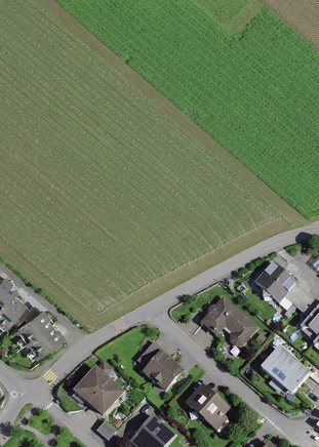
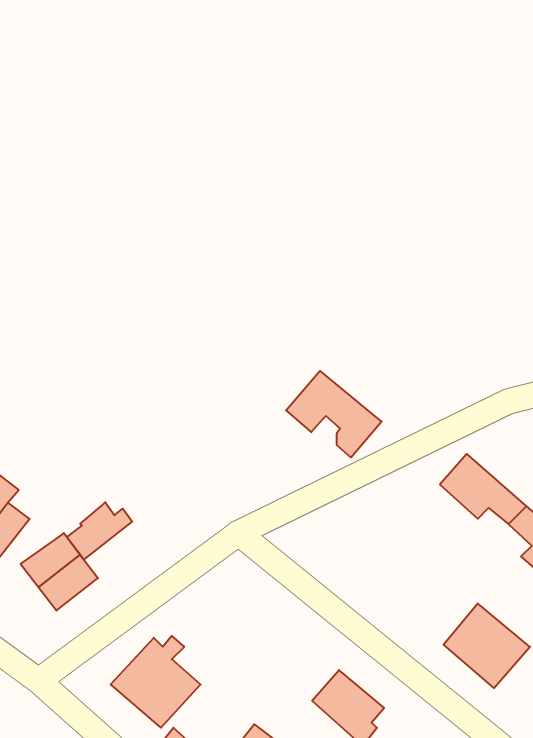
building: none -> [67,502,132,560]
building: [203,297,257,347] -> [286,371,382,457]
building: [139,342,180,390] -> none

